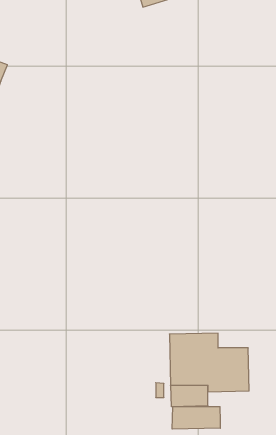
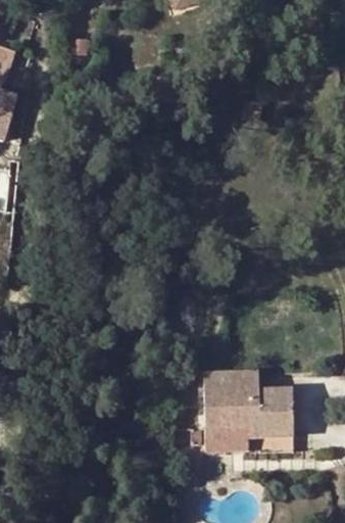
building: [172,407,220,429] -> none

